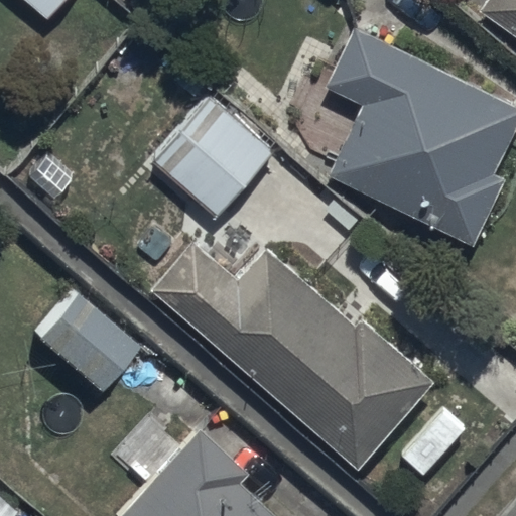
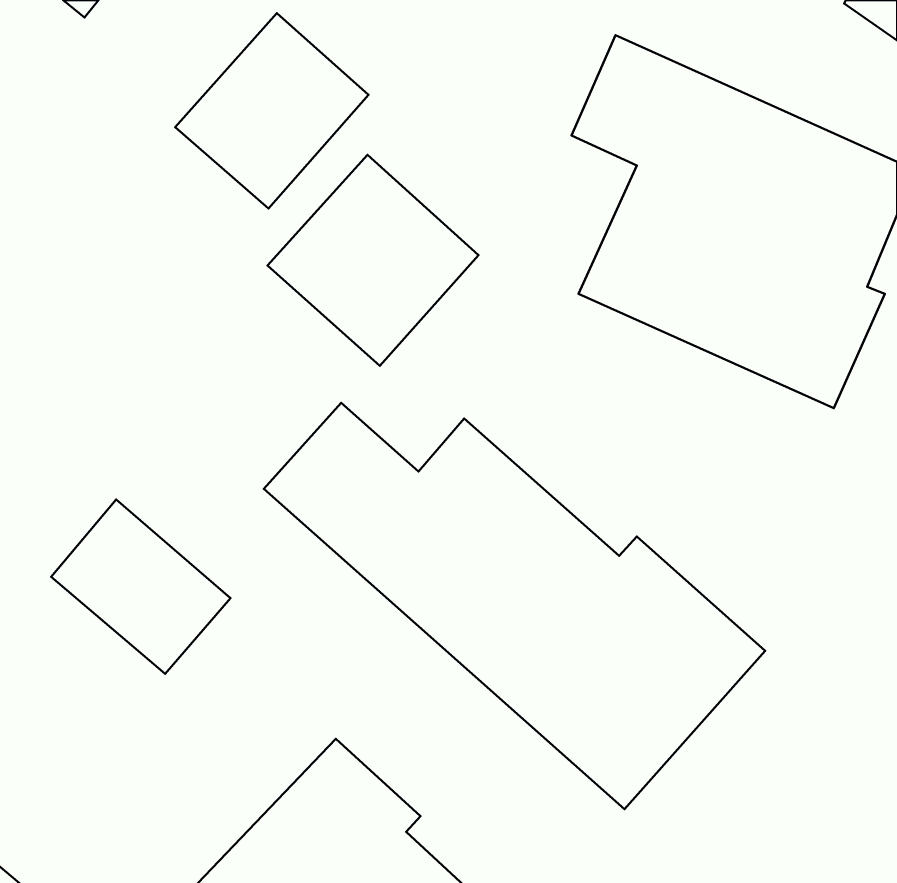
building: none -> [175,13,368,208]

